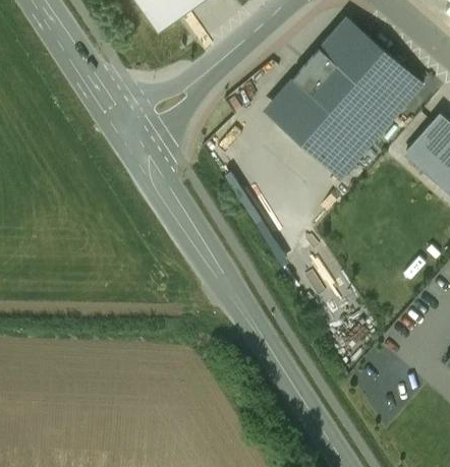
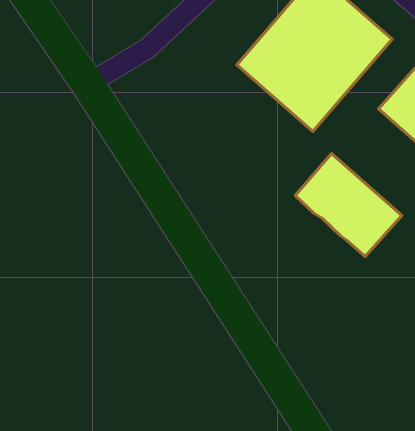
building: none -> [295,153,402,257]

